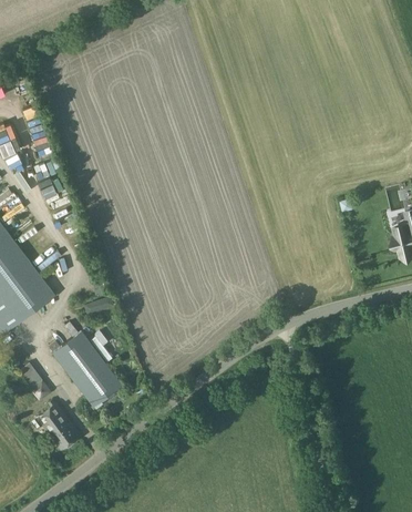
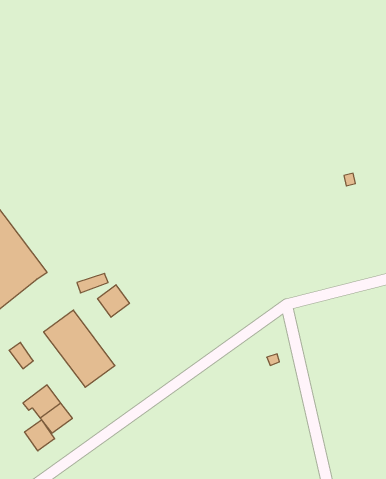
building: none -> [98,285,129,317]
building: none -> [25,420,55,451]

